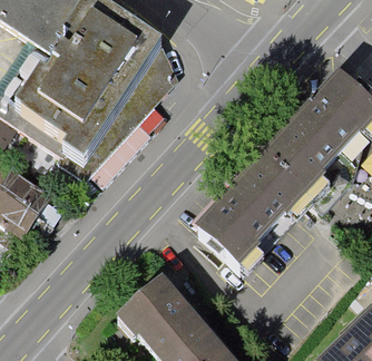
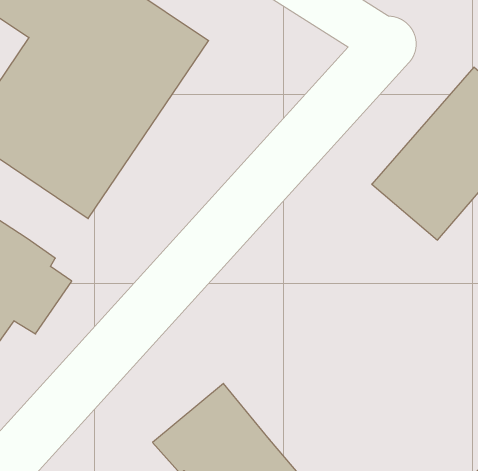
building: [200,146,313,263] -> none

